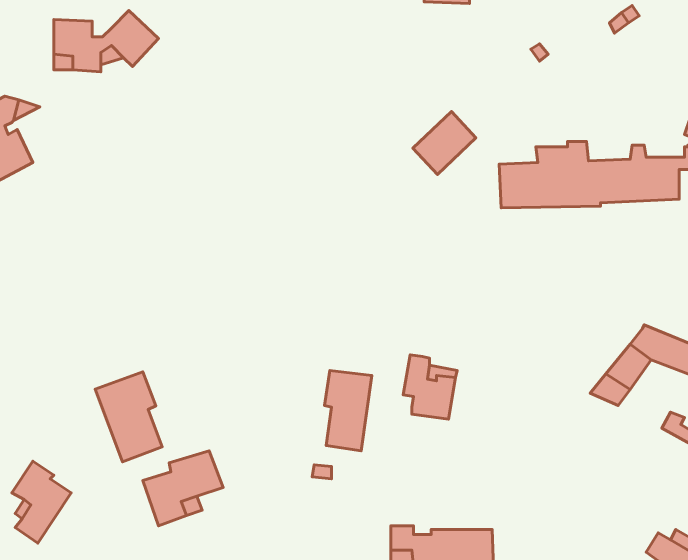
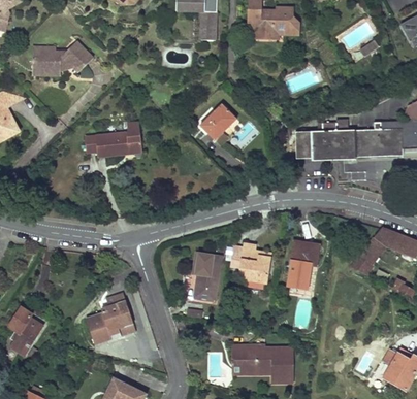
building: [413,112,476,174] -> [199,104,236,141]
building: none -> [86,123,142,156]
building: none -> [287,241,319,288]
building: [95,372,162,462] -> none

